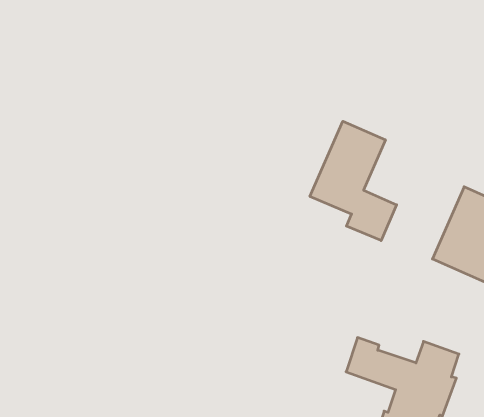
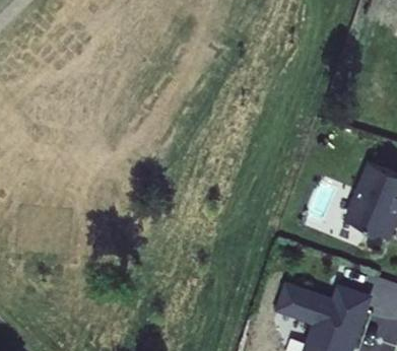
building: [310,121,397,241] -> none

